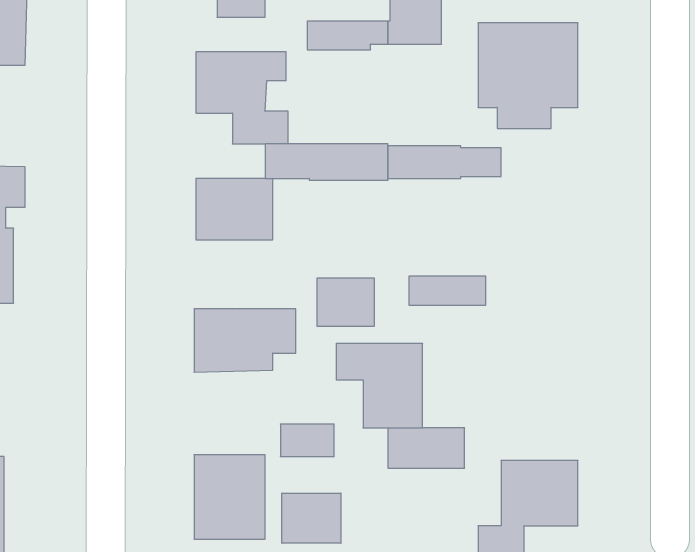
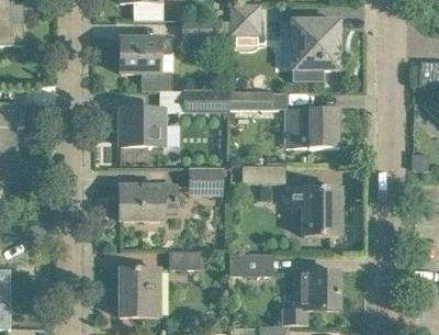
building: none -> [285,109,338,148]
building: [336,343,423,428] -> [289,187,338,235]
building: [282,493,341,543] -> none

